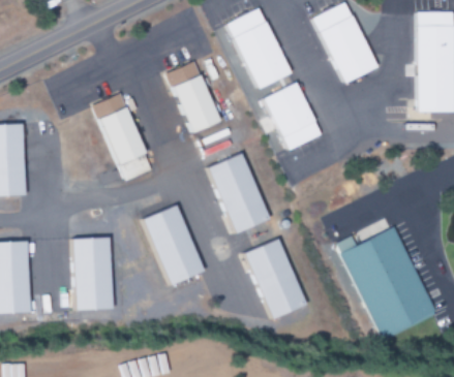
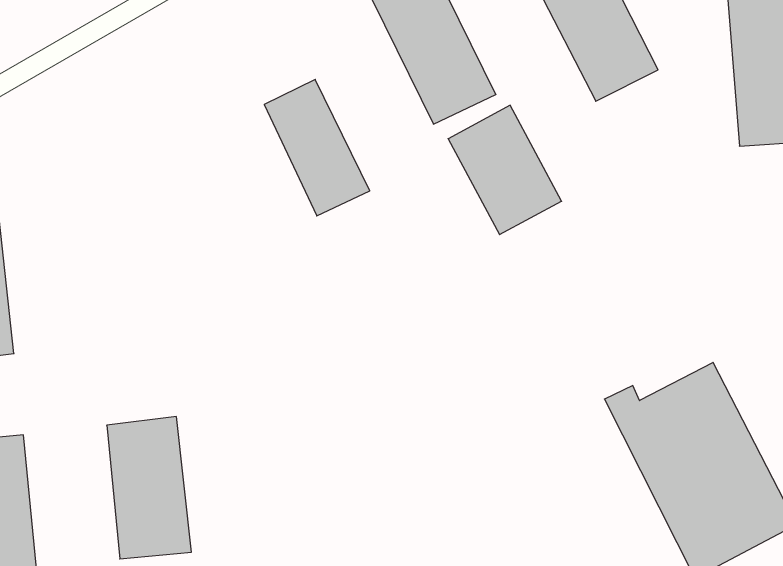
building: [94,94,151,182] -> none
building: [209,153,269,233] -> none
building: [144,205,204,285] -> none
building: [245,239,306,319] -> none

